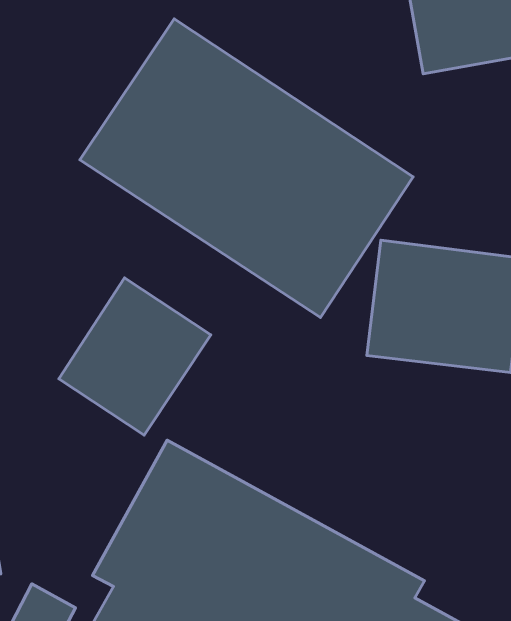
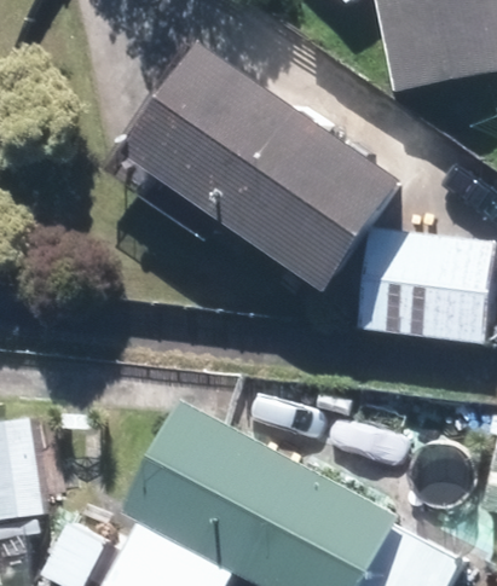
building: [59,278,211,435] -> none

